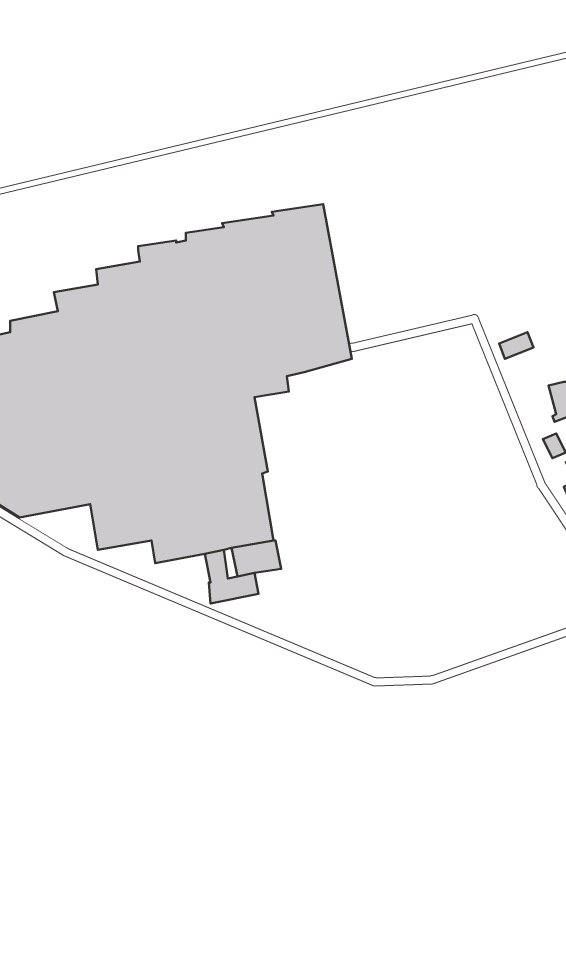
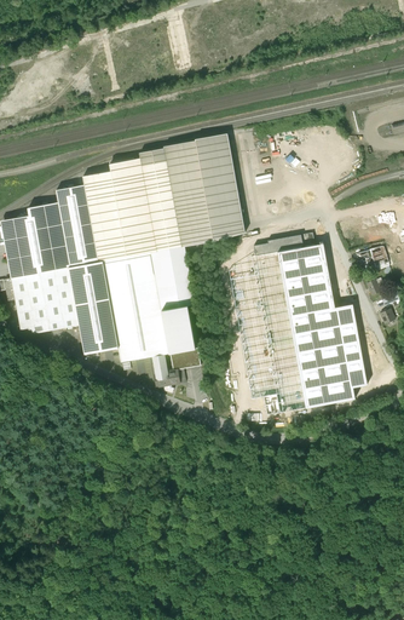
building: none -> [227,231,367,413]

